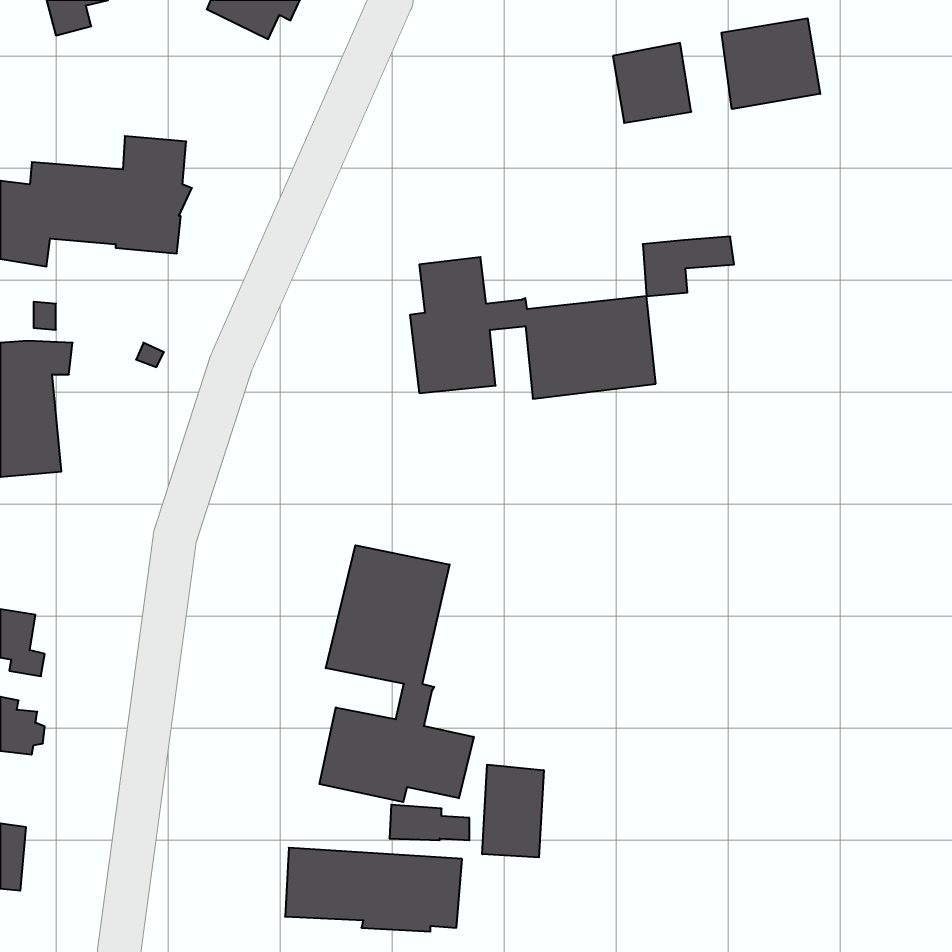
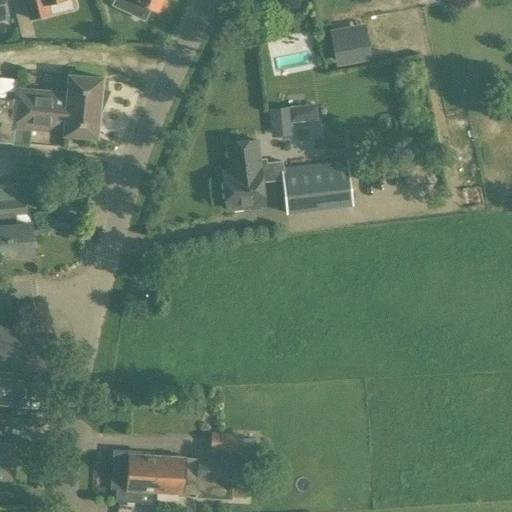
building: [722,18,820,109] -> none
building: [643,237,734,296] -> [268,105,317,137]
building: [319,545,474,802] -> none
building: [482,765,544,857] -> none
building: none -> [115,453,155,503]

